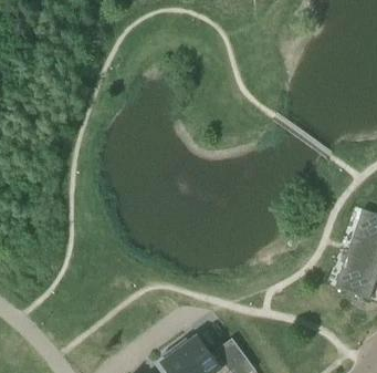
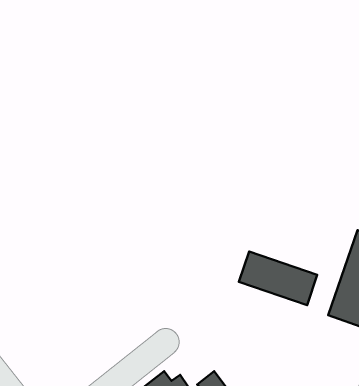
building: none -> [239,251,317,305]

